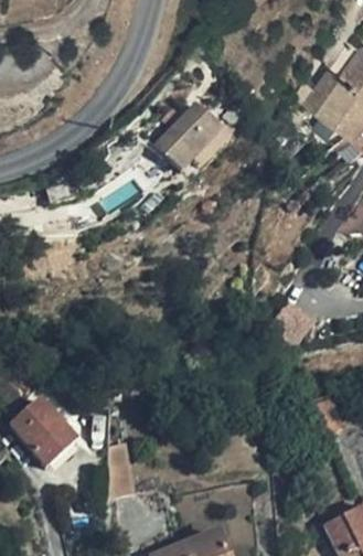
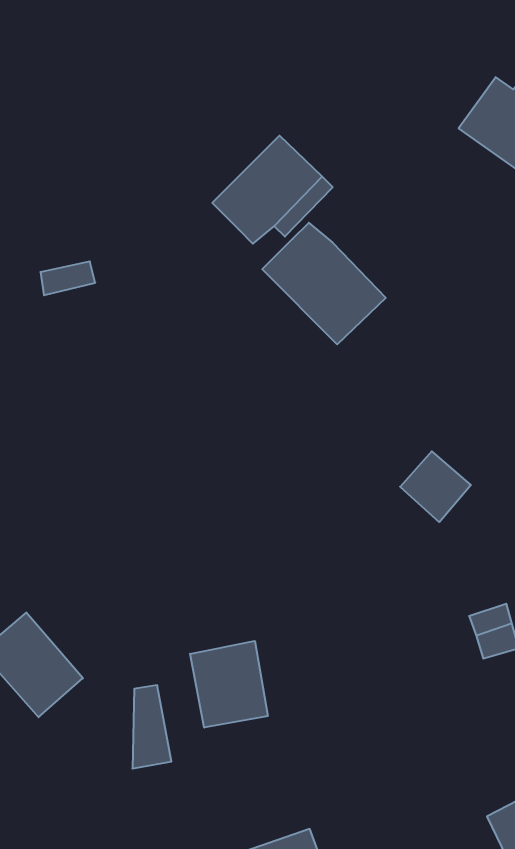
building: none -> [262,223,386,344]
building: none -> [190,641,268,728]

